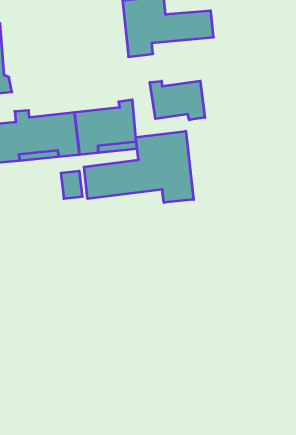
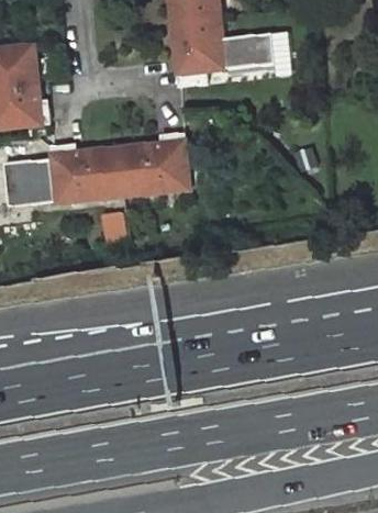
building: [150,81,205,120] -> none
building: [84,131,194,203] -> none

